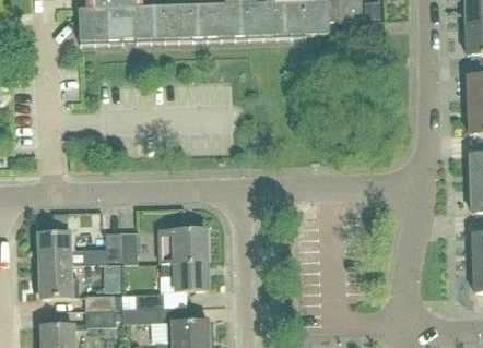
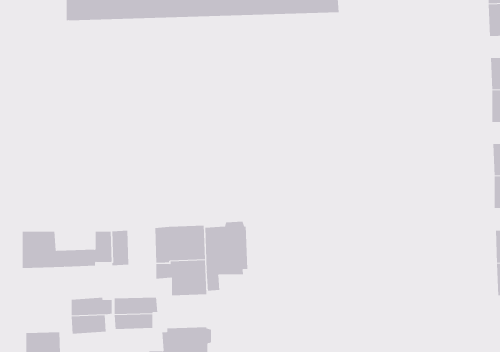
building: none -> [205,221,248,291]
building: [39,265,80,299] -> none

